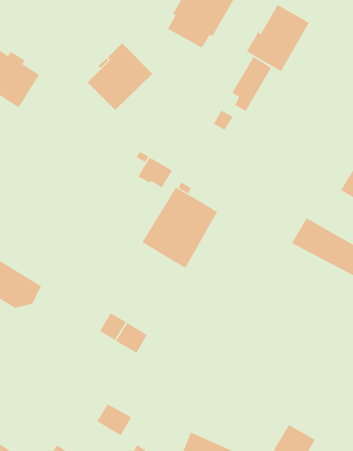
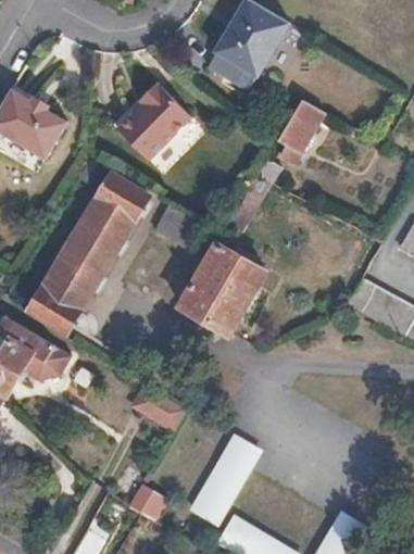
building: [246,4,309,72] -> none
building: none -> [32,175,148,331]
building: none -> [191,432,264,527]

